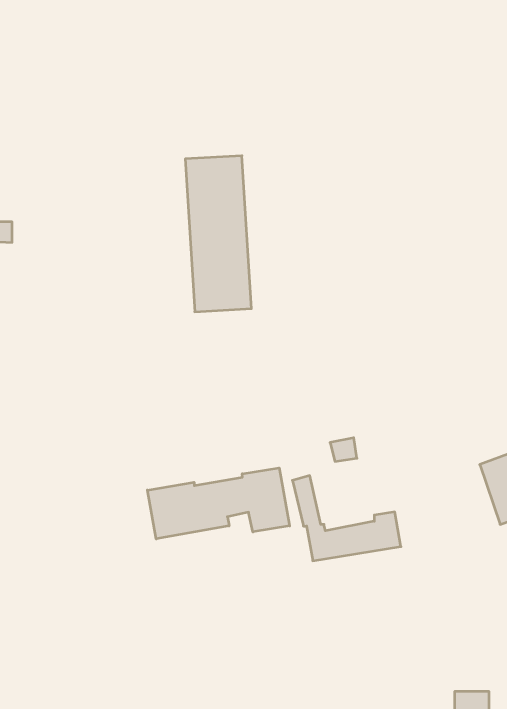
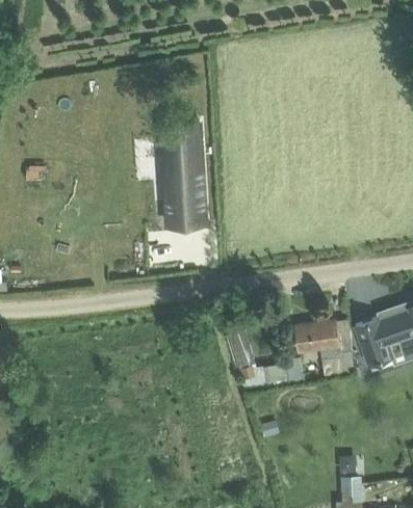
building: none -> [294,318,356,377]
building: [147,468,290,539] -> none

